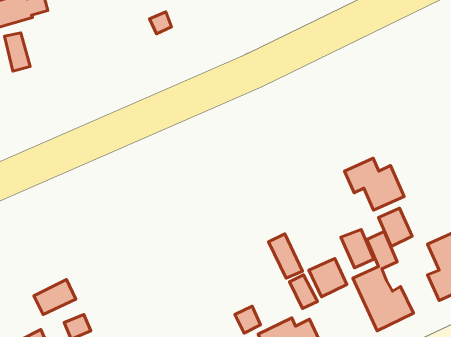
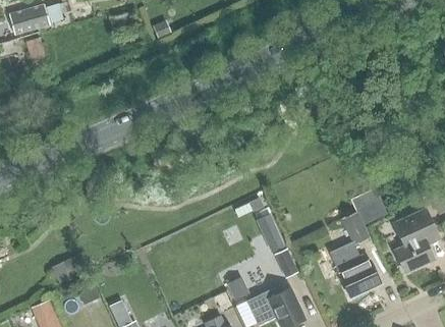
building: [344,158,404,210] -> none
building: [341,229,374,268] -> none
building: [309,259,347,297] -> none

